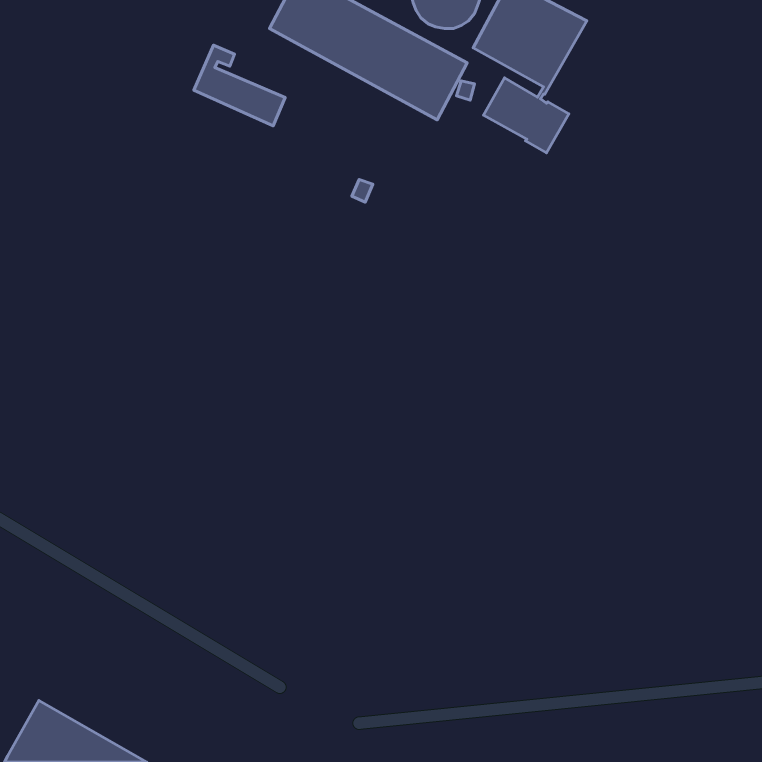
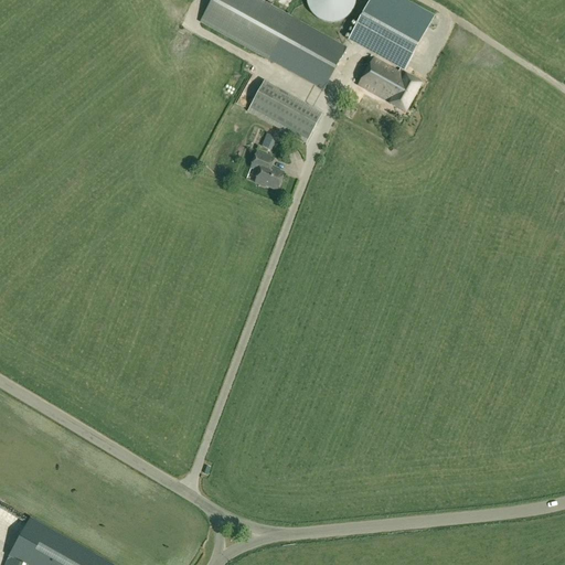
building: [194,45,285,126] -> [250,79,318,139]
building: none -> [249,151,282,189]

